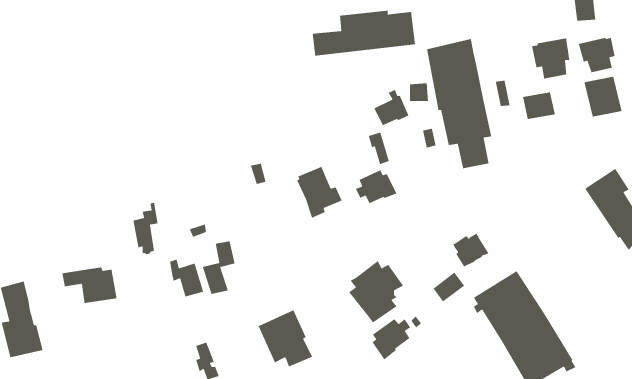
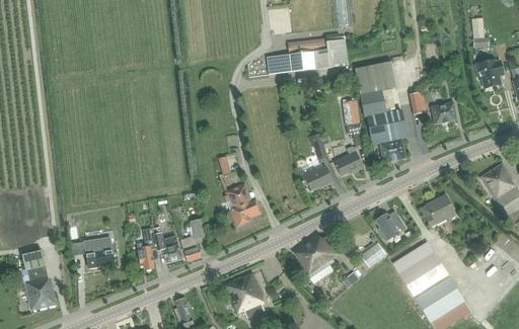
building: [531,37,570,79] -> none
building: [584,76,622,118] -> none
building: [373,89,410,126] -> [335,146,363,175]
building: [296,166,343,219] -> [224,184,261,226]
building: [133,202,159,255] -> [137,229,157,270]
building: none -> [422,194,455,225]
building: [372,318,411,360] -> none

